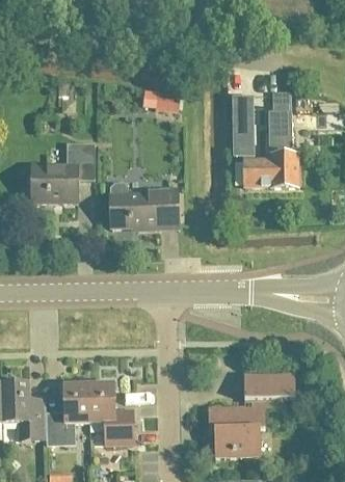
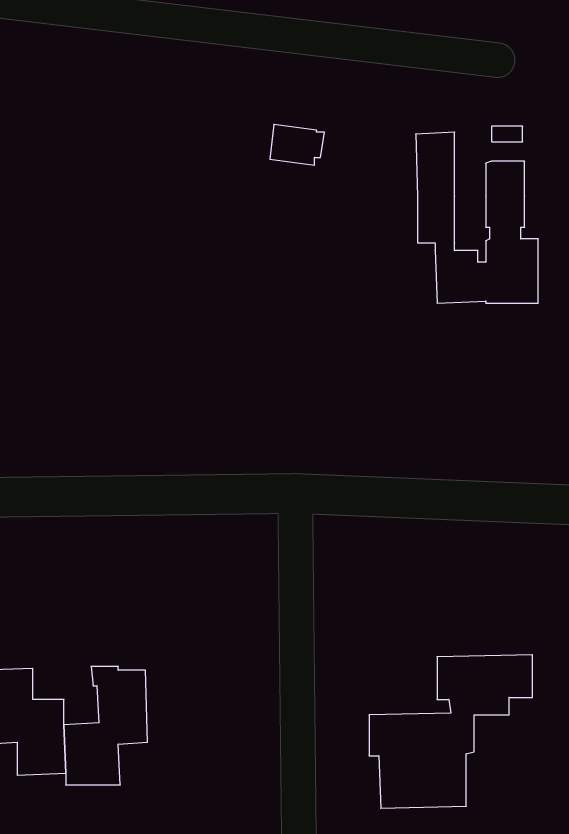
building: [31,143,94,203] -> none
building: [109,182,178,230] -> none
building: [88,380,133,444] -> none

